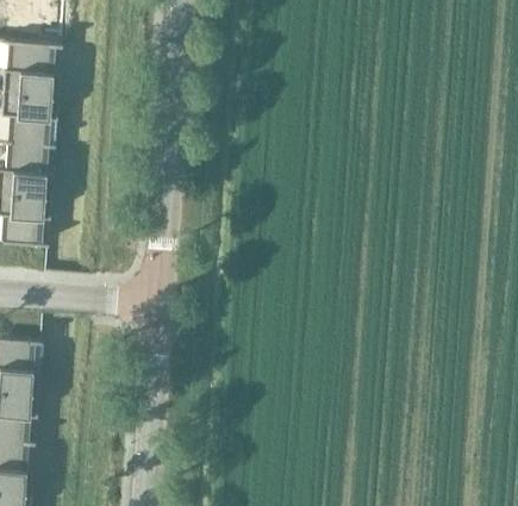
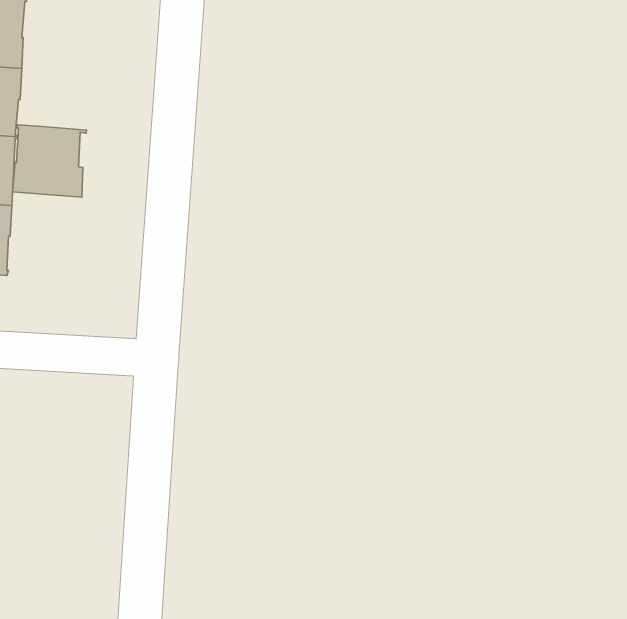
building: none -> [13,125,87,197]

